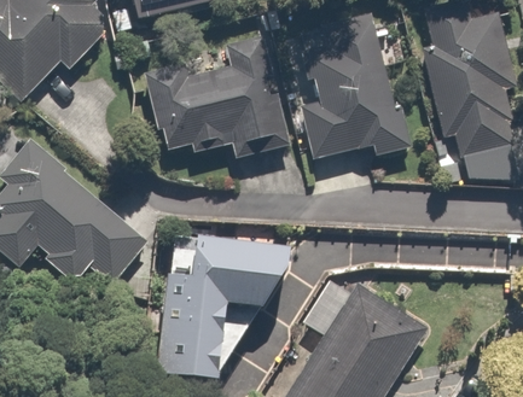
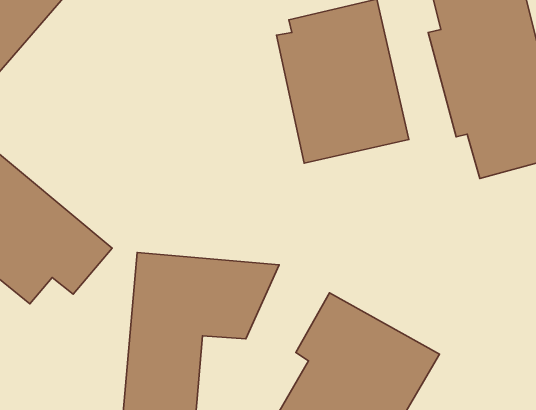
building: [139,43,291,160] -> none

